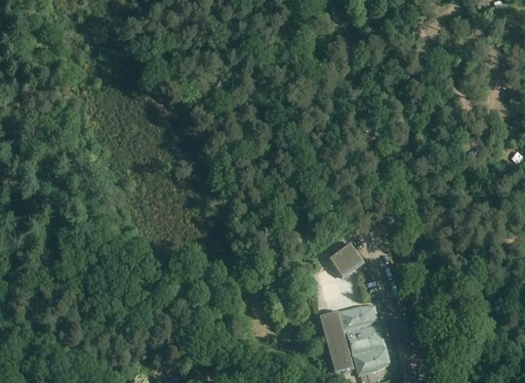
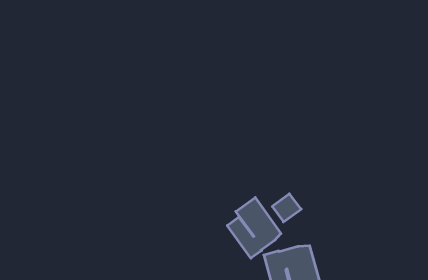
building: none -> [227,197,281,258]

